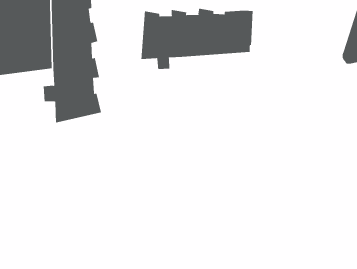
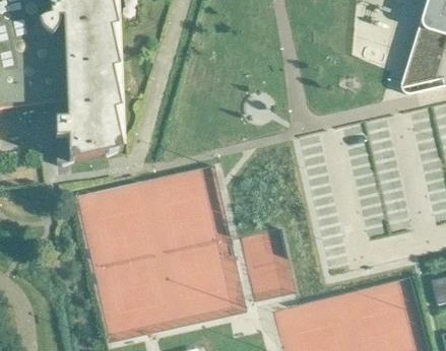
building: [141,8,253,70] -> none

